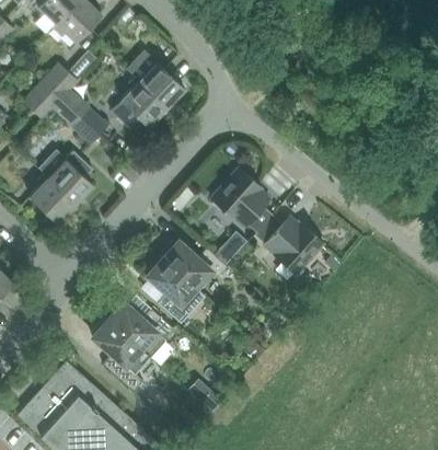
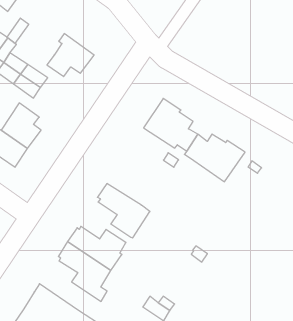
building: [128,51,184,107] -> none
building: [160,242,228,288] -> none

